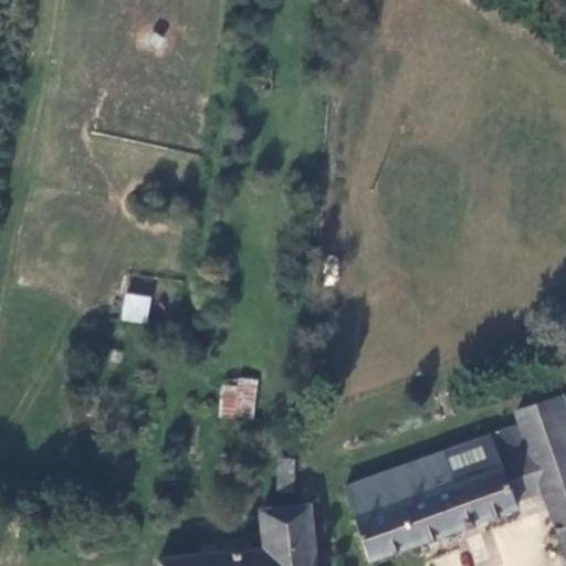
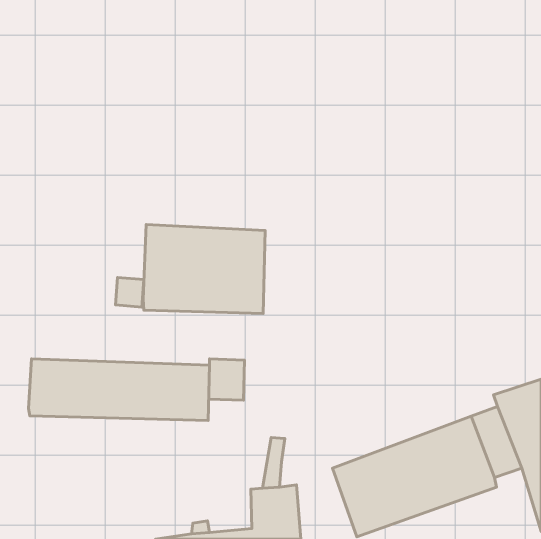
building: none -> [143,225,265,313]
building: none -> [28,359,209,421]

